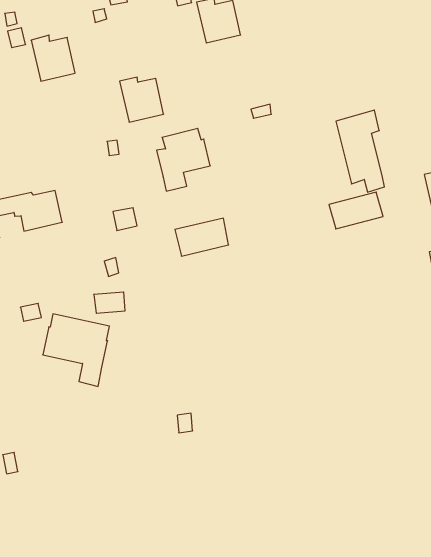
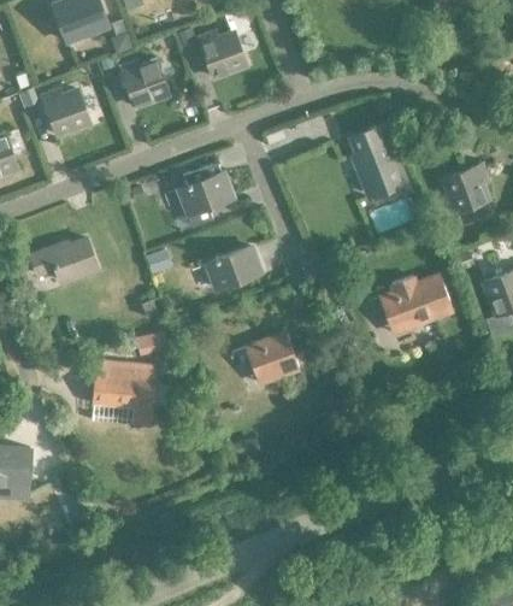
building: [120,77,164,122] -> [120,60,167,106]
building: none -> [379,275,453,331]
building: none -> [243,335,297,384]

